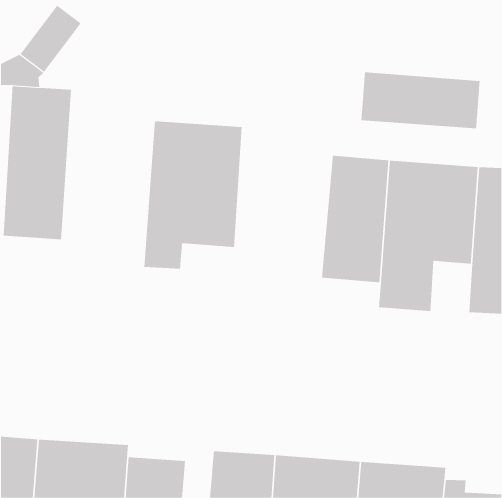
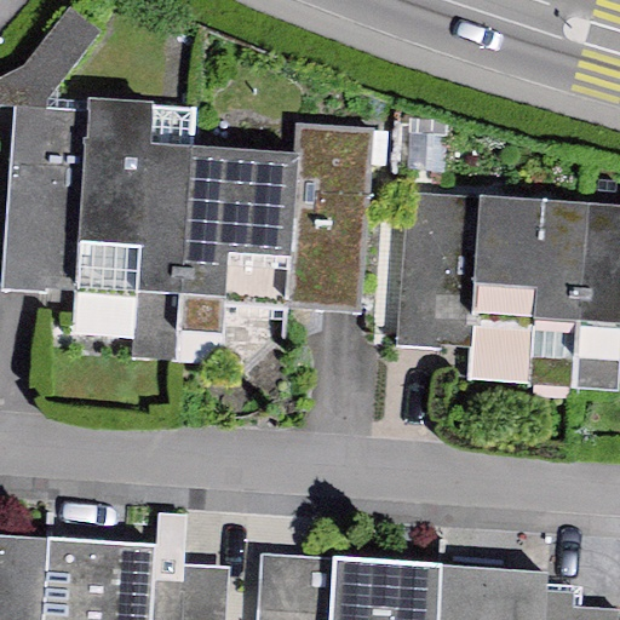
building: [361,71,480,129] -> none
building: none -> [76,101,190,362]
building: none -> [289,124,372,310]

